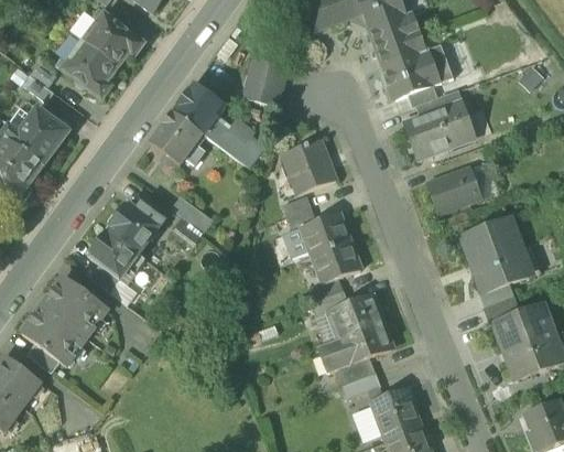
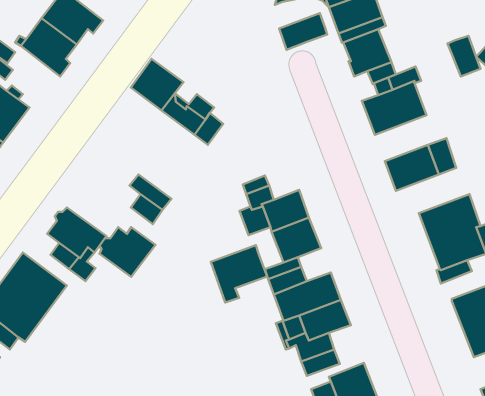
building: none -> [279,13,327,50]
building: [420,43,453,84] -> [448,36,481,76]
building: [242,57,289,106] -> none
building: [149,109,203,164] -> none
building: [283,139,337,194] -> none
building: [108,203,164,252] -> [99,227,156,277]
building: none -> [211,245,267,303]
building: [482,293,520,325] -> none

